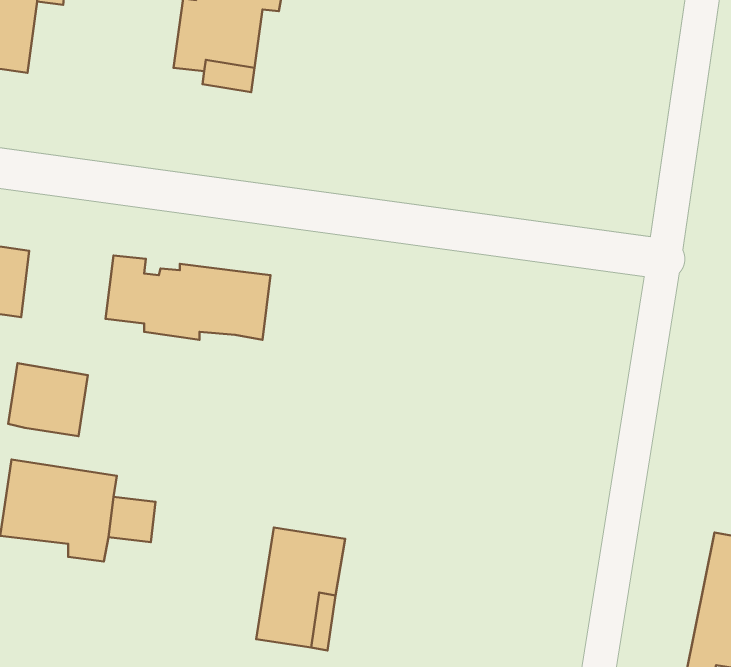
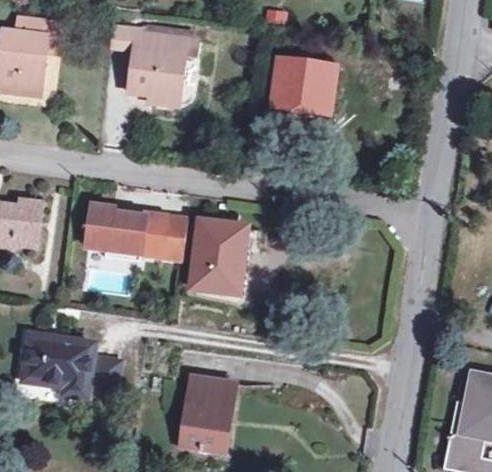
building: none -> [272,59,335,119]
building: none -> [192,222,246,293]
building: [8,363,88,436] -> none

